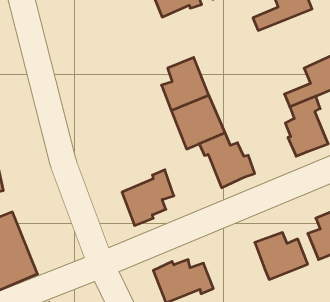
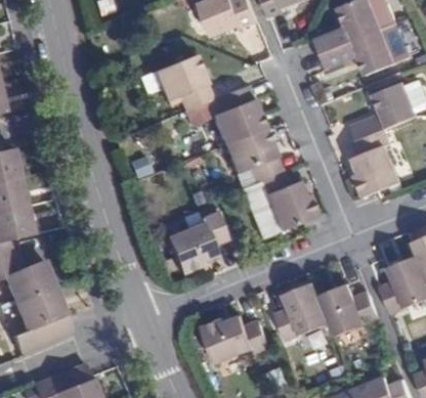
building: none -> [323,28,397,75]
building: none -> [143,55,214,109]
building: none -> [275,280,330,340]

